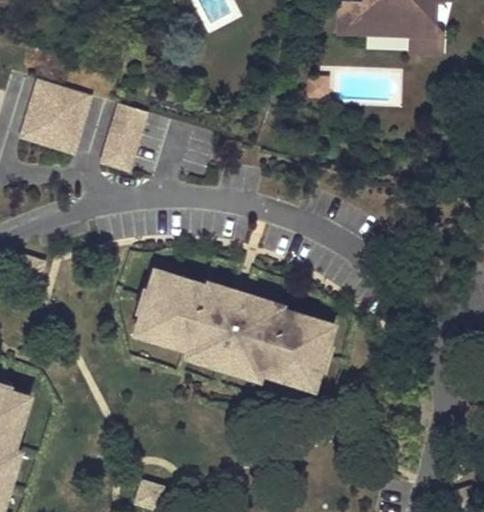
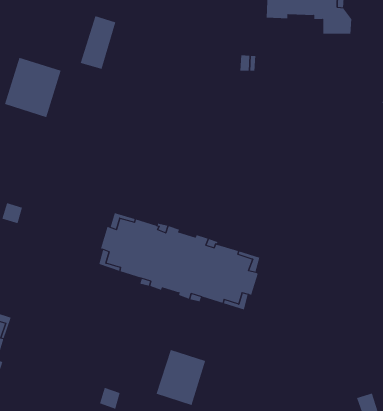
building: [100,105,144,171] -> [80,15,116,70]
building: none -> [156,349,206,406]

